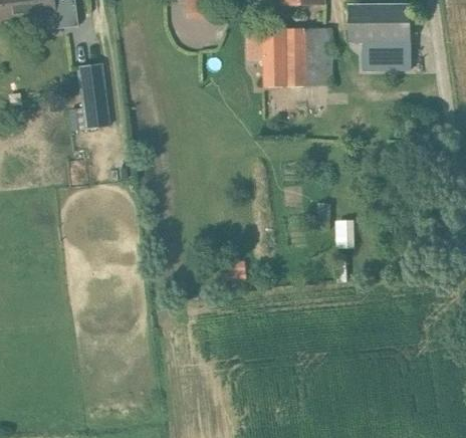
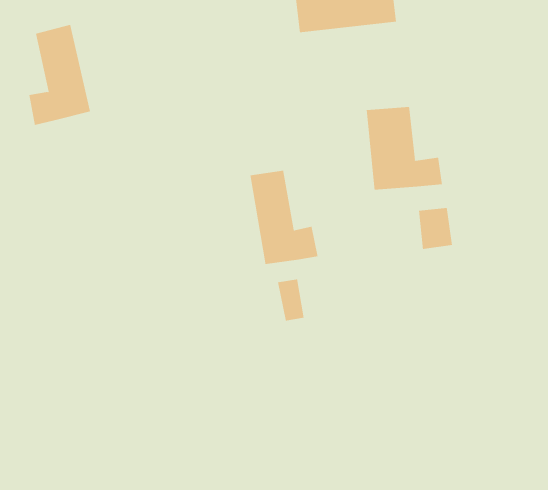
building: none -> [366,106,442,191]
building: none -> [250,170,318,265]

